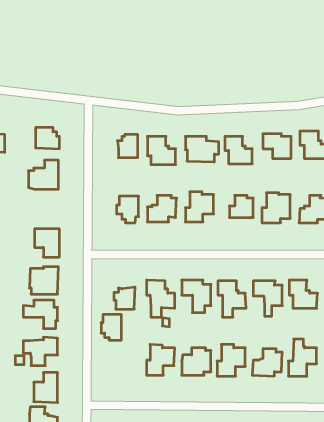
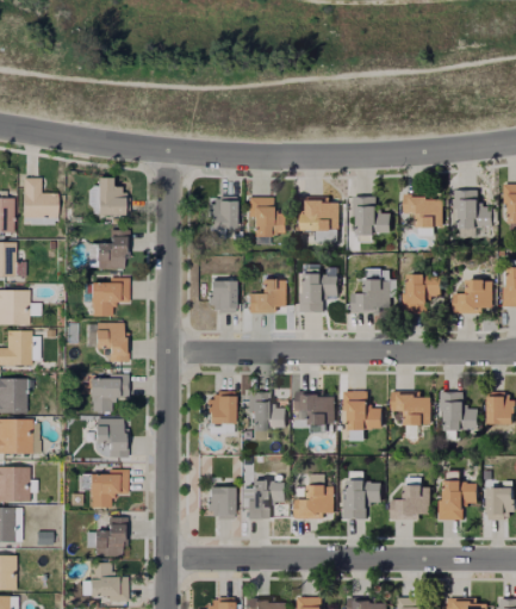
building: none -> [91,278,128,316]
building: [101,315,121,340] -> [206,486,234,521]

